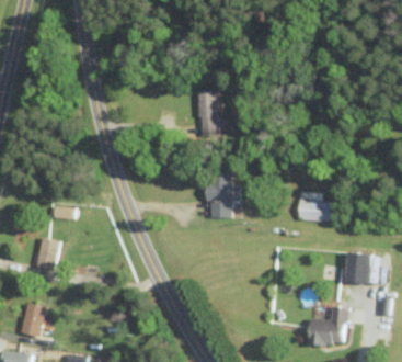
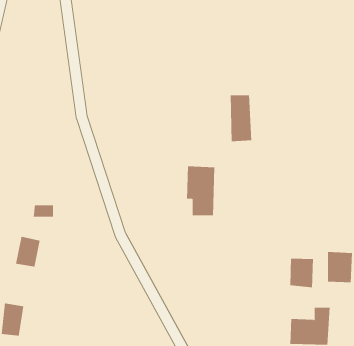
building: [198,90,220,136] -> [230,95,252,142]
building: [299,191,331,220] -> none
building: none -> [290,258,314,288]

